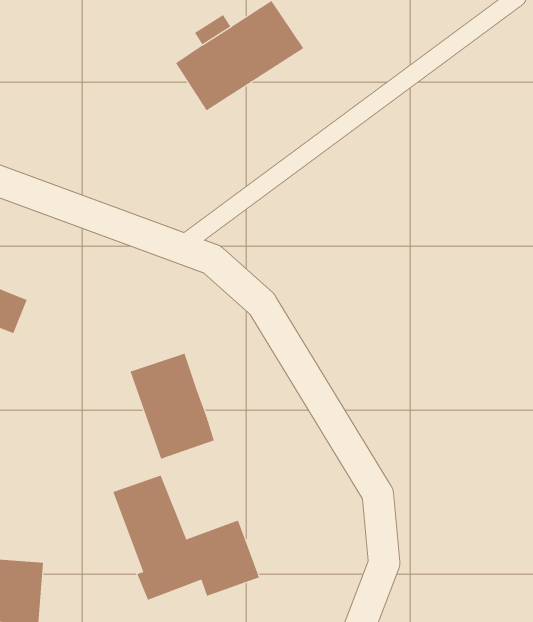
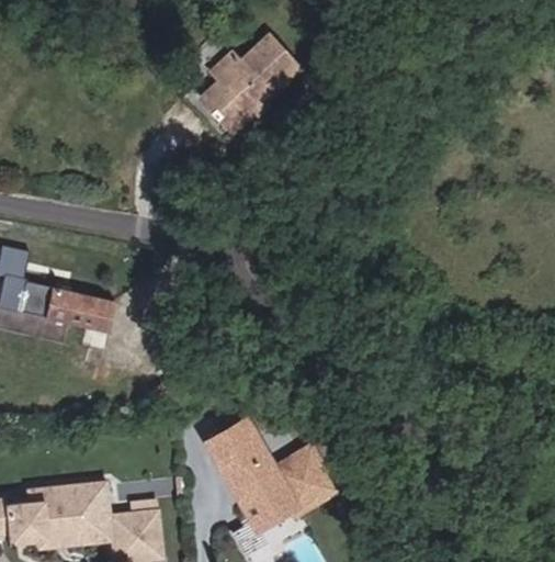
building: [130,353,215,460] -> none

